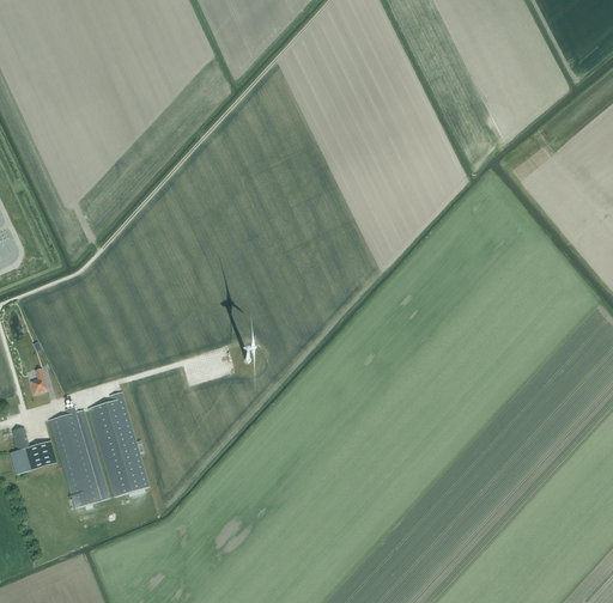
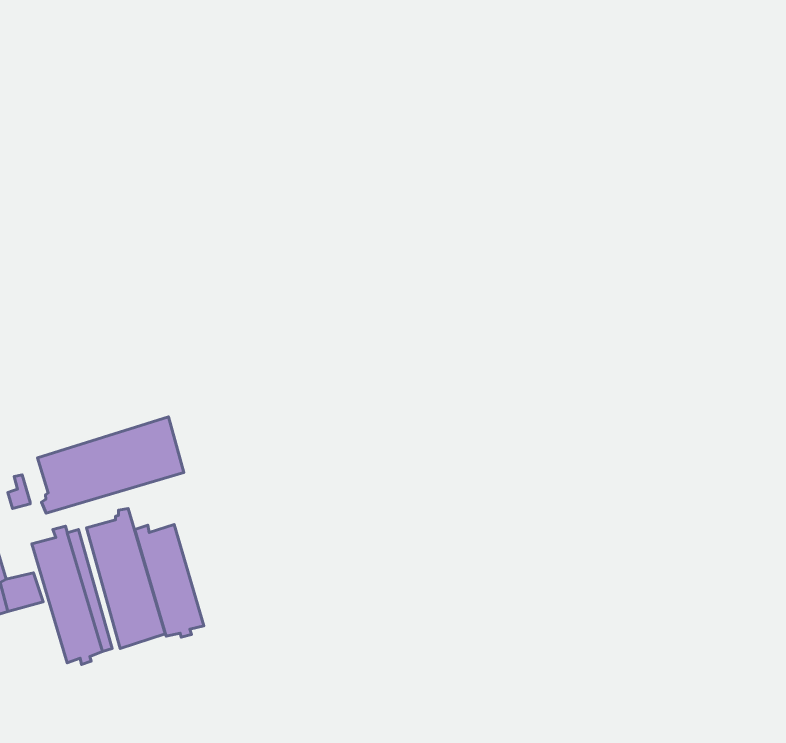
building: none -> [37,417,184,513]
building: none -> [135,525,204,637]

